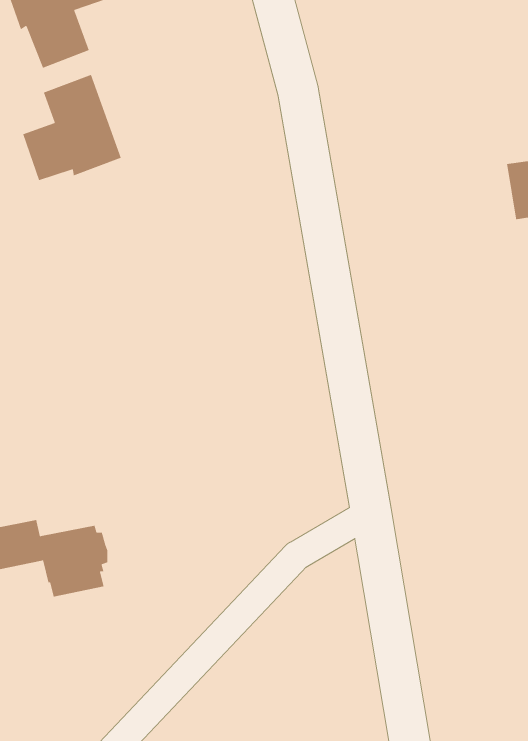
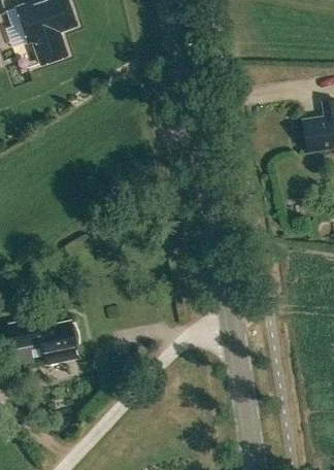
building: [22,74,122,181] -> none

